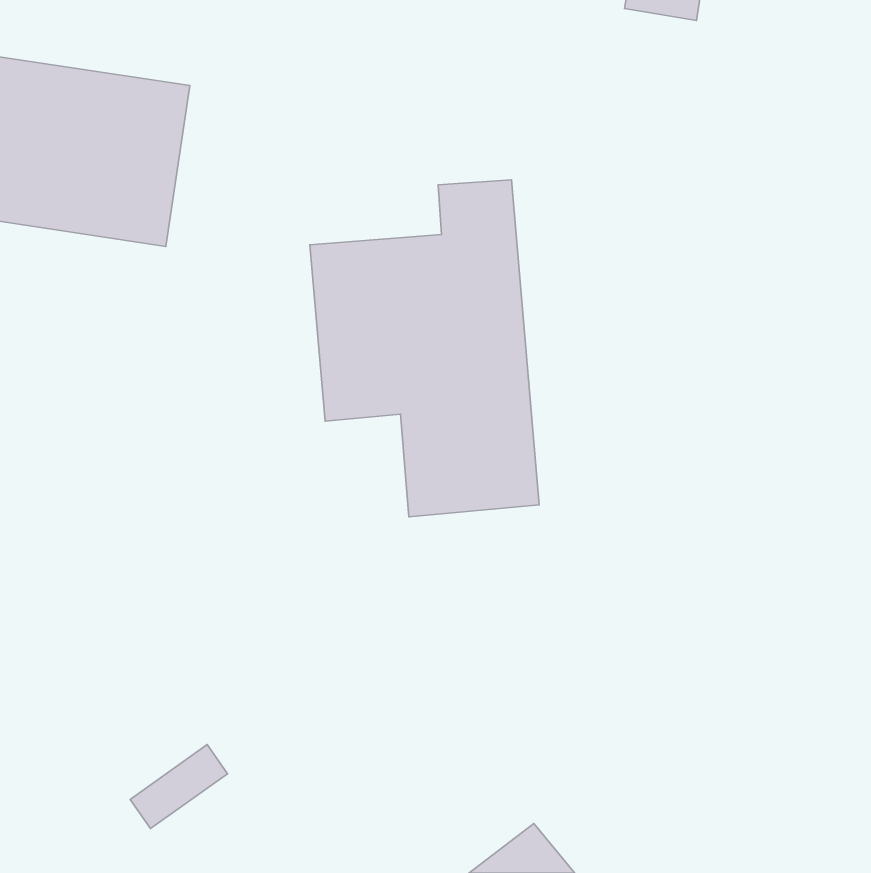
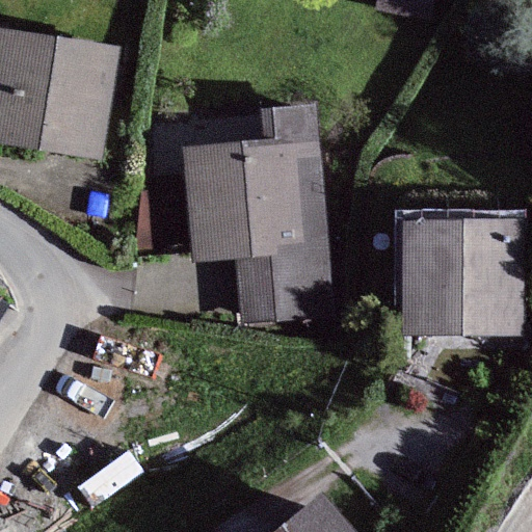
building: none -> [409,220,515,330]

